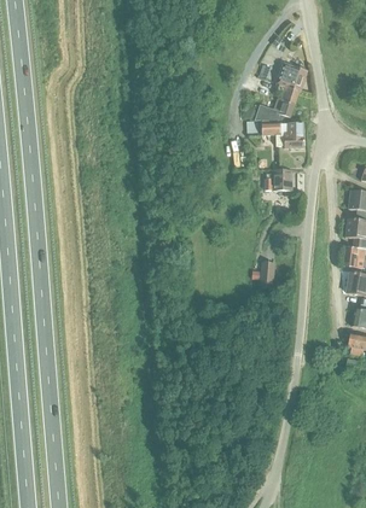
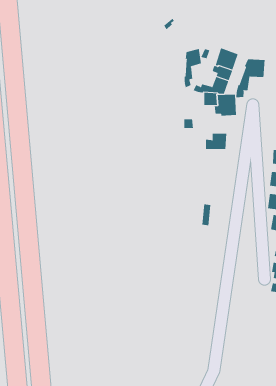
building: none -> [184,48,202,88]
building: none -> [236,59,265,98]

